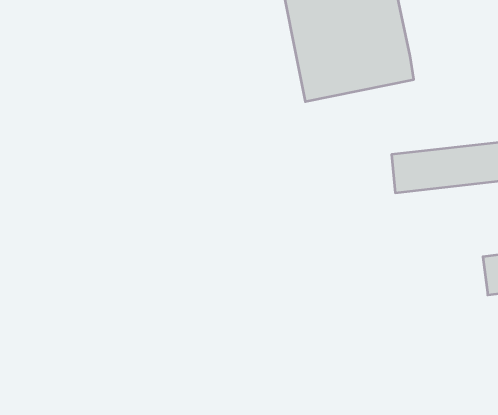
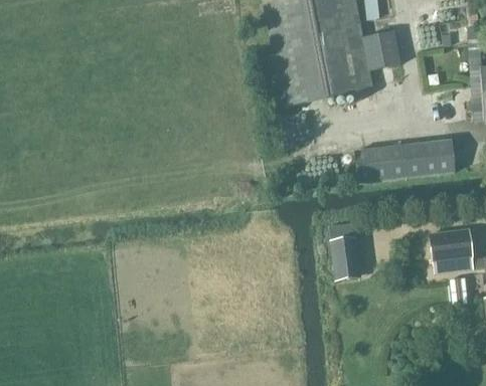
building: none -> [364,29,402,68]
building: none -> [329,221,362,279]

